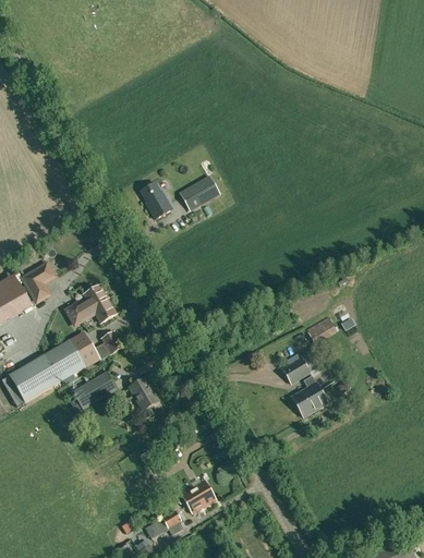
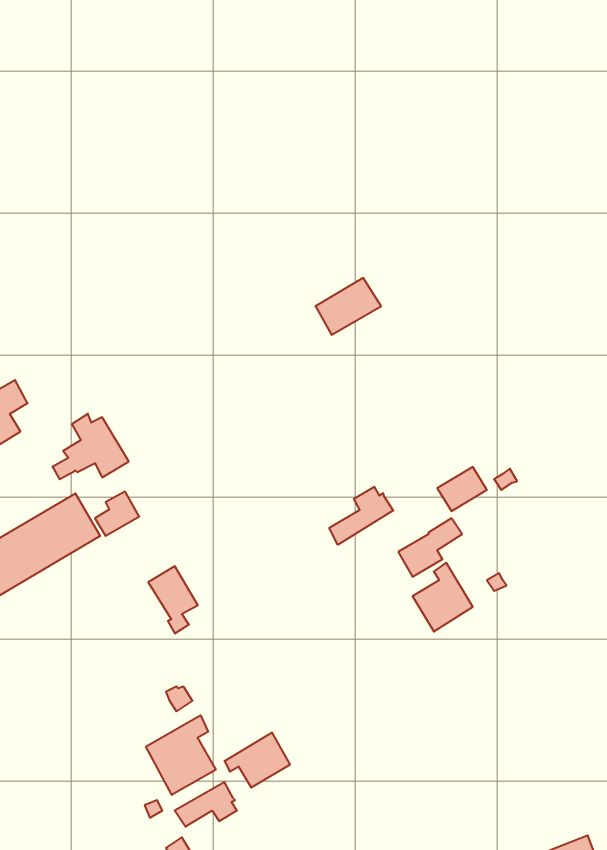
building: [179,175,219,210] -> [315,278,381,335]
building: [140,182,171,219] -> none
building: none -> [329,487,393,545]
building: [72,372,117,409] -> none
building: none -> [146,715,216,795]

